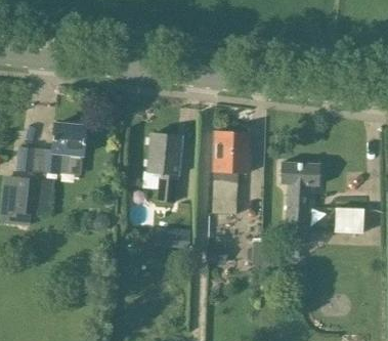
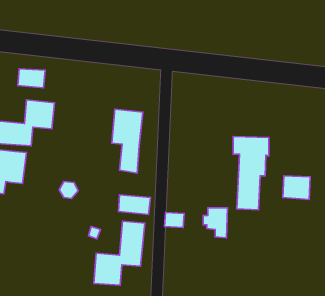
building: none -> [18,69,45,88]
building: [212,132,251,214] -> none
building: none -> [94,221,145,285]

